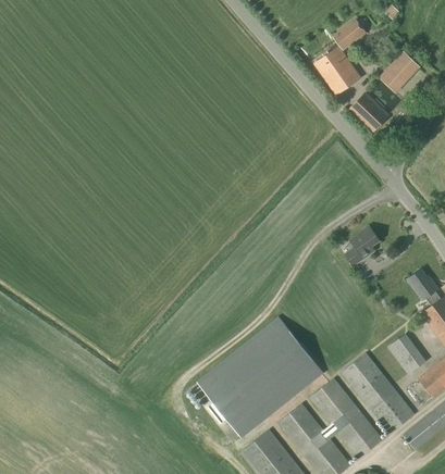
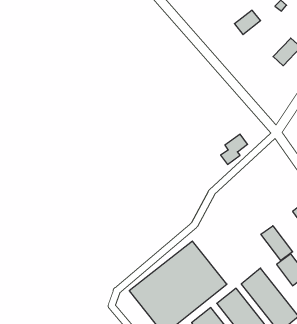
building: [313,46,360,95] -> none
building: [348,92,388,132] -> none
building: [344,226,379,265] -> [221,134,248,164]
building: none -> [261,226,293,260]

